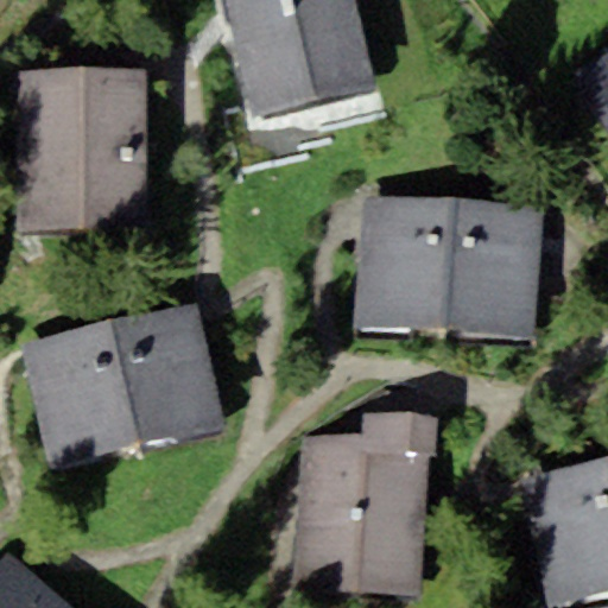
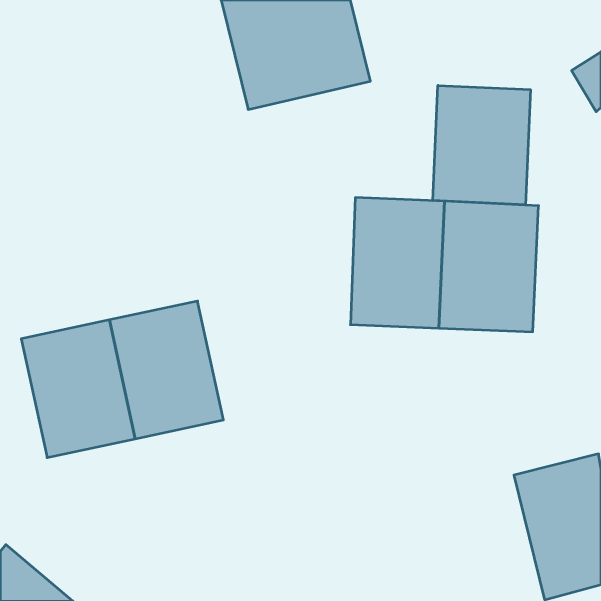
building: [19,69,146,228] -> none
building: none -> [433,85,530,205]
building: [294,412,439,593] -> none

